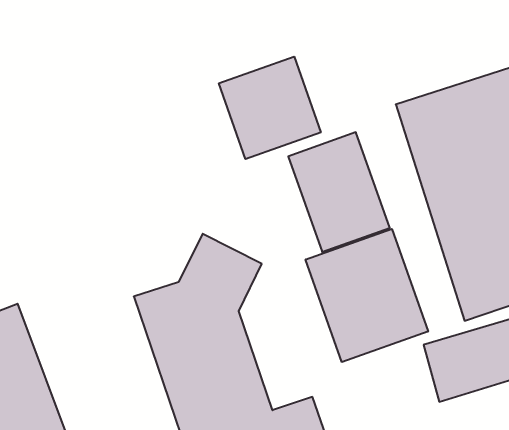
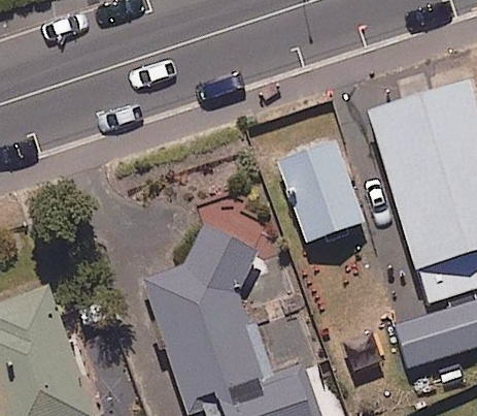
building: [219,57,321,159] -> none
building: [306,229,428,362] -> none

